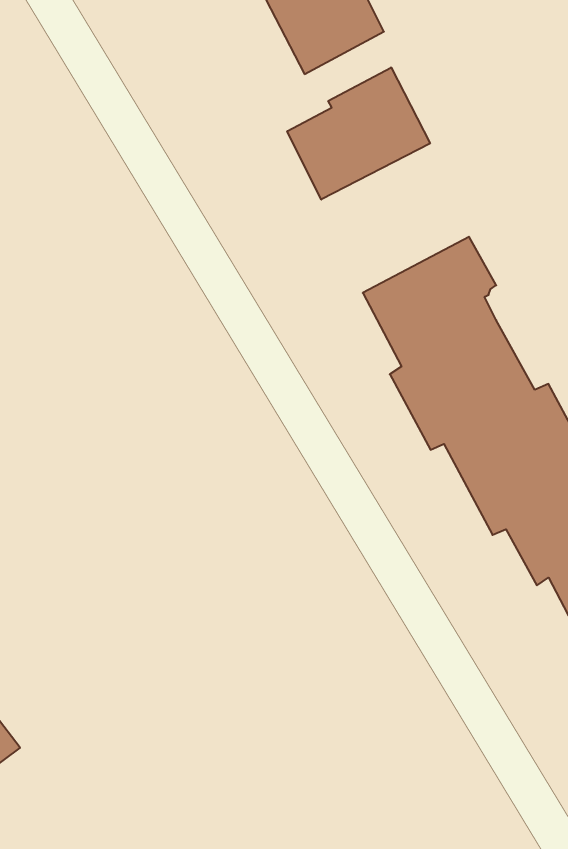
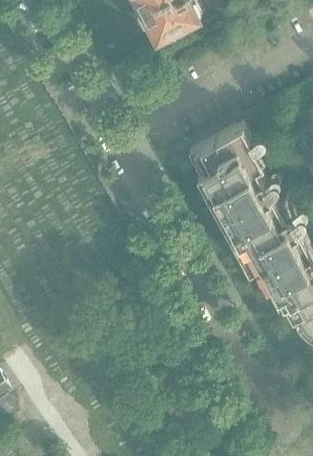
building: [287,67,430,200] -> none

